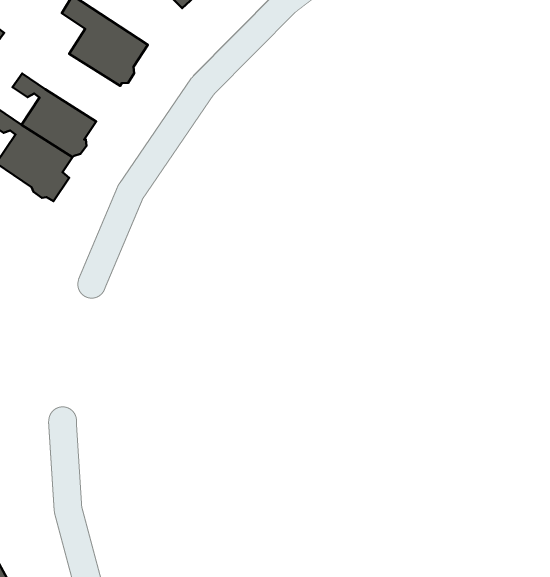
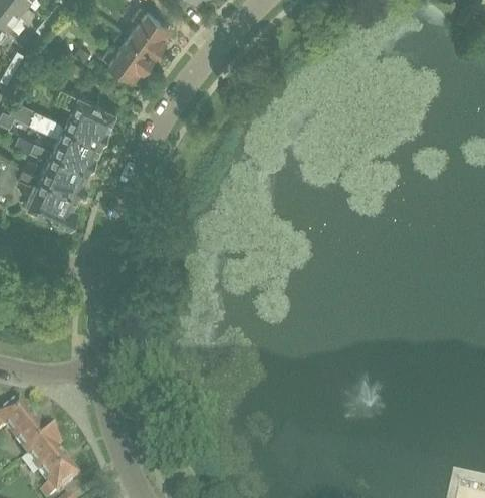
building: none -> [32,110,101,166]

